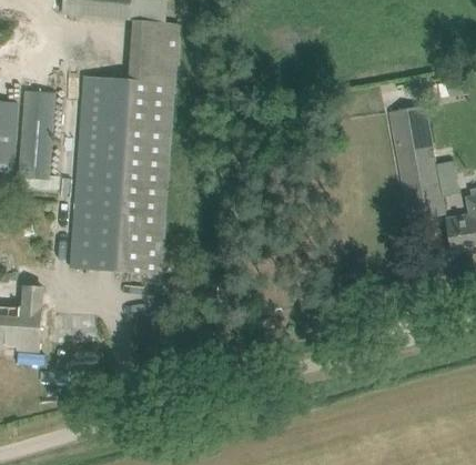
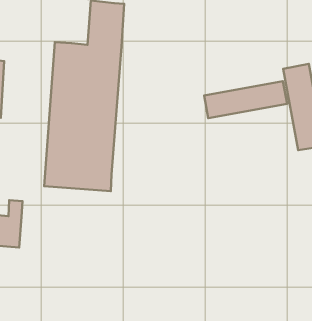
building: [18,91,55,179] -> none
building: none -> [204,81,287,118]

